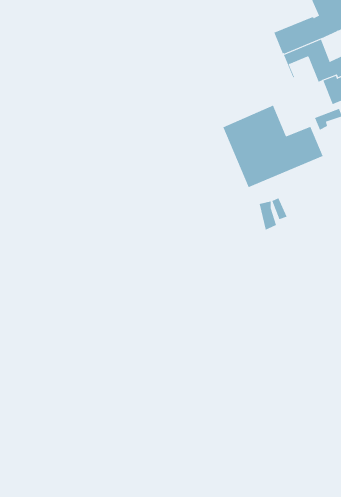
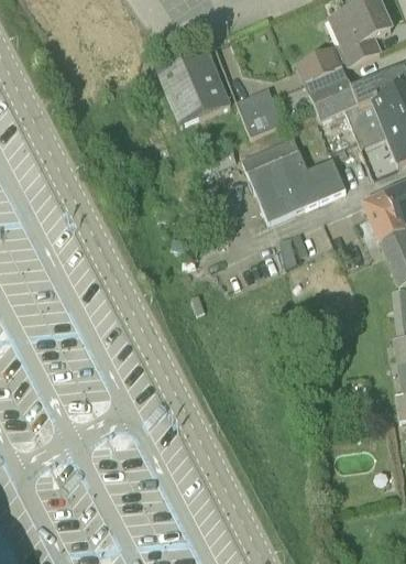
building: none -> [156,46,230,124]
building: none -> [310,86,340,121]
building: none -> [237,87,284,135]

